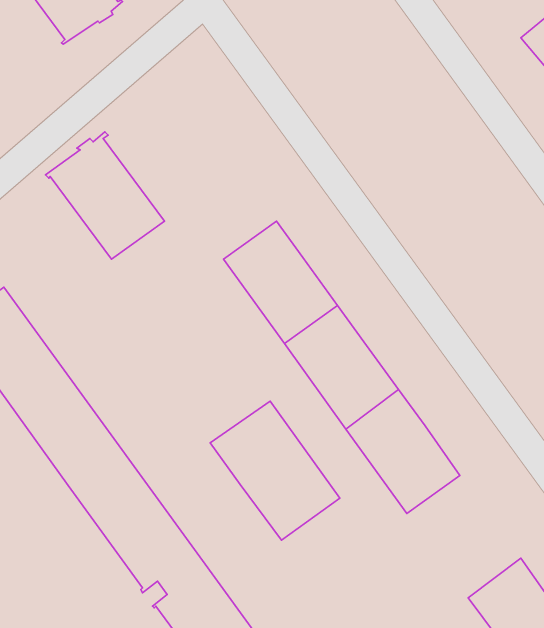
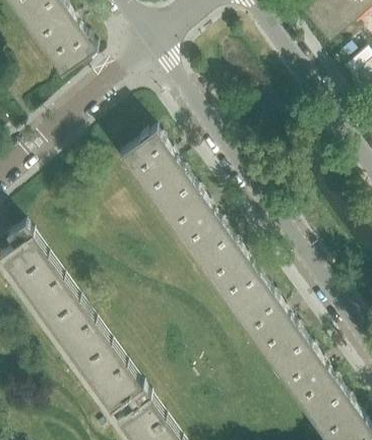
building: [45,132,164,259] -> [115,124,188,203]
building: [210,401,340,540] -> none
building: none -> [268,336,338,411]

